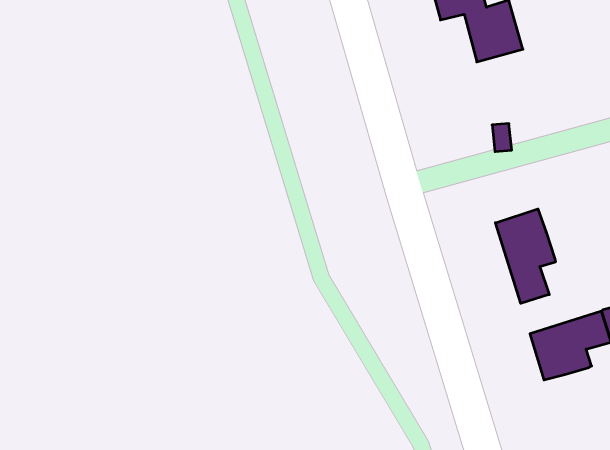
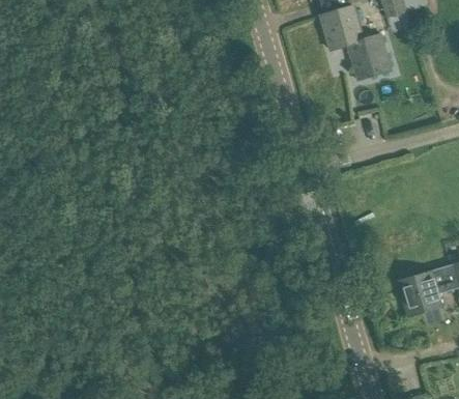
building: [495,209,555,303] -> none

